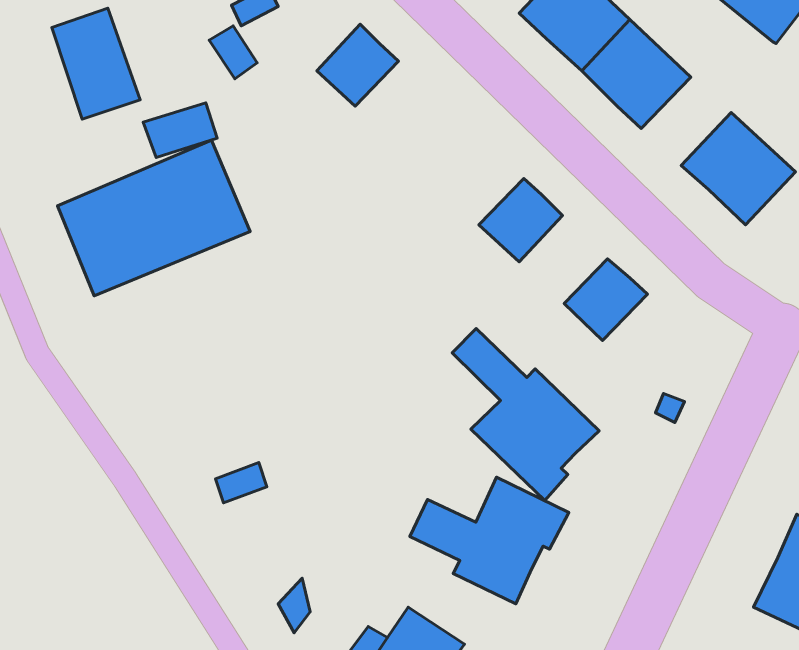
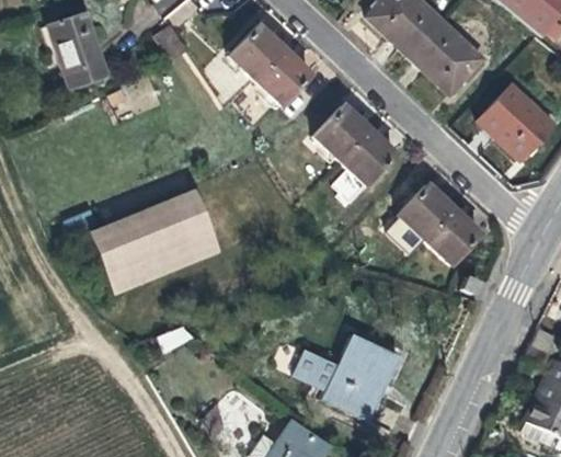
building: none -> [255,48,311,105]
building: [57,140,250,296] -> [90,188,221,295]
building: none -> [313,103,370,160]
building: none -> [424,207,481,264]
building: [452,328,599,501] -> none

